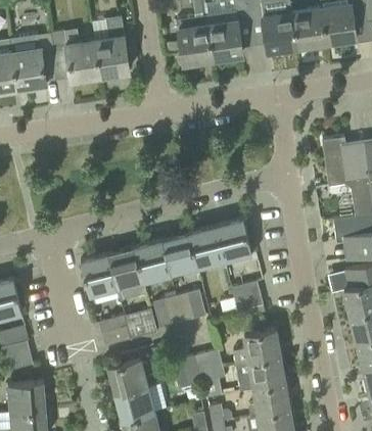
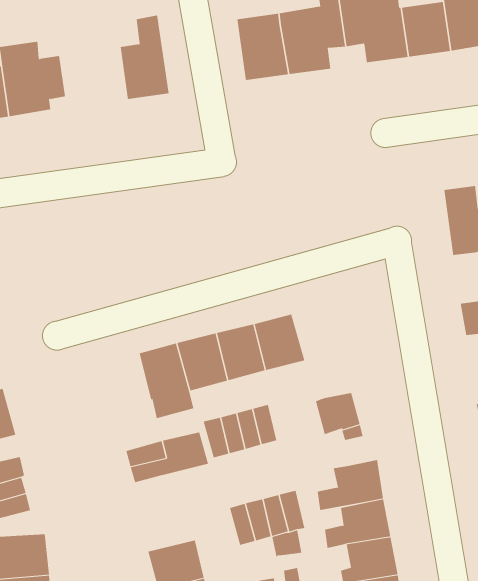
building: [51,31,100,81] -> none
building: [216,220,252,259] -> none
building: [81,254,117,294] -> none
building: [108,349,149,393] -> none

